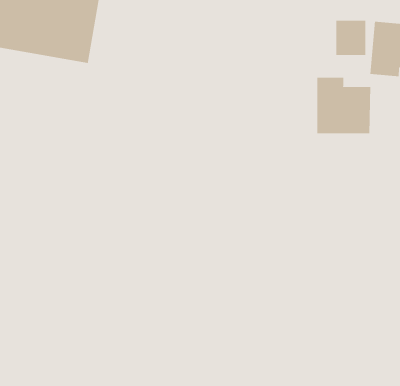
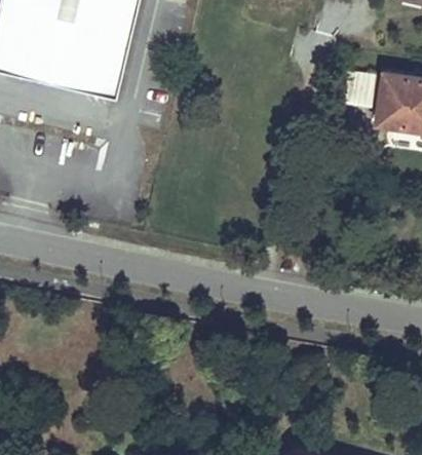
building: [317,77,371,134] -> none

